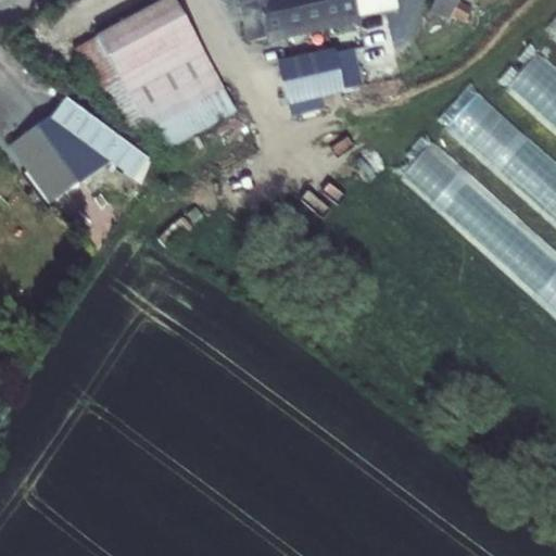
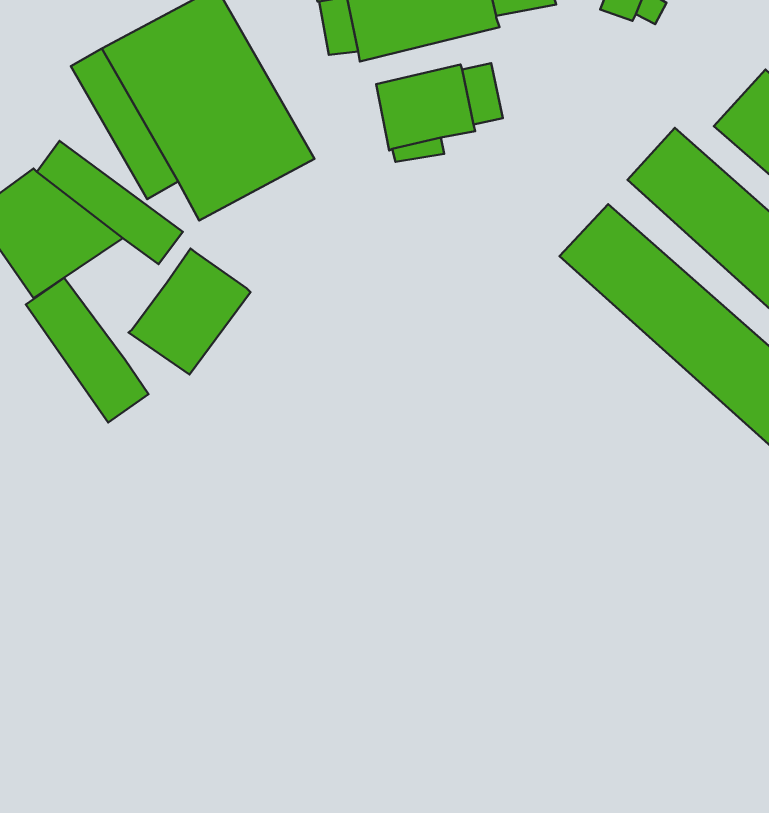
building: none -> [129,249,251,374]
building: none -> [26,278,149,423]

